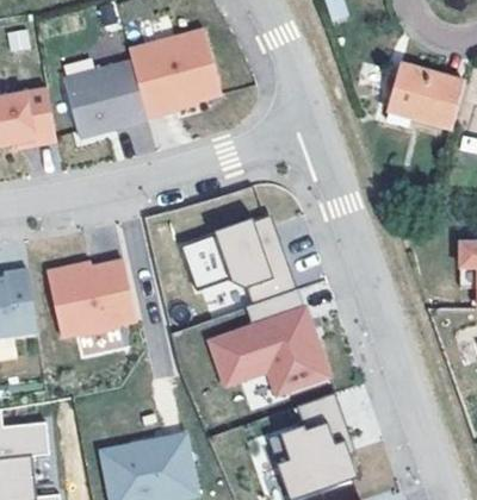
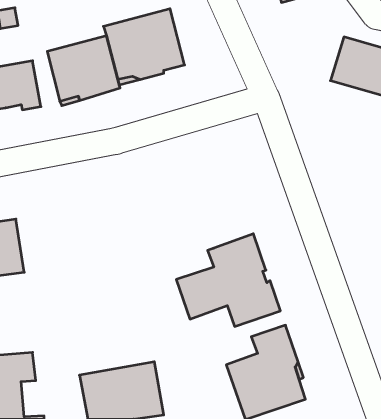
building: [182,215,298,304] -> none
building: [45,262,135,338] -> none

